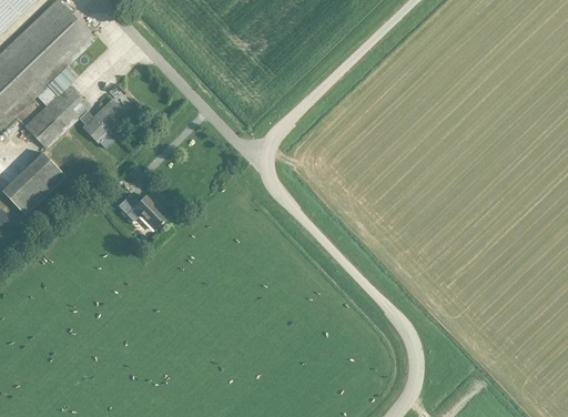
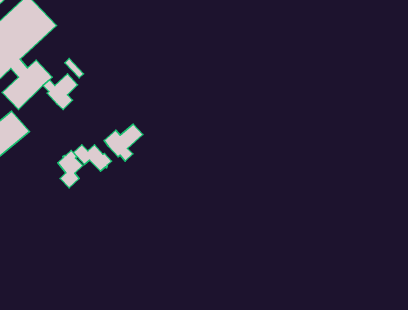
building: none -> [104,124,143,161]
building: none -> [58,151,83,188]

